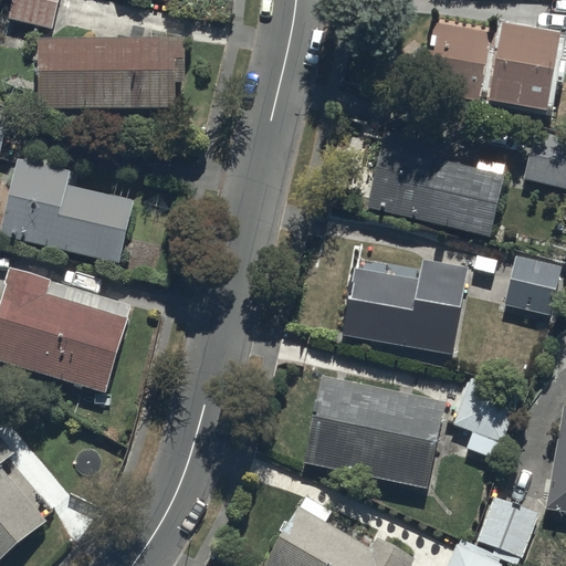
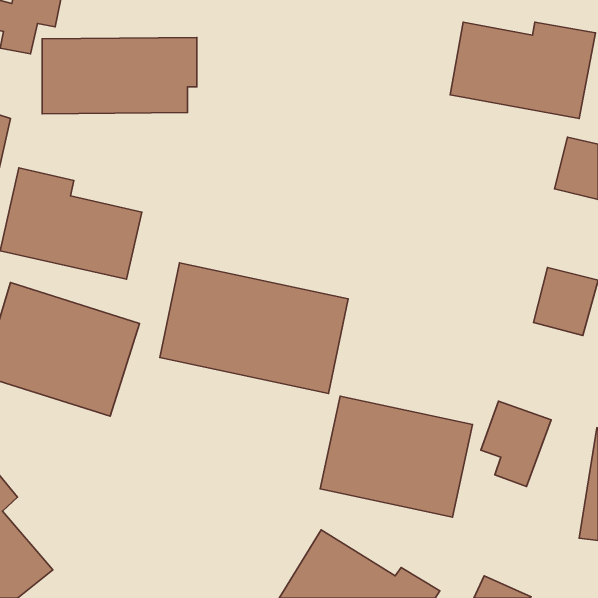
building: [367,132,506,238] -> none
building: none -> [160,263,348,393]
building: [343,259,468,355] -> none
building: [478,495,539,556] -> none

